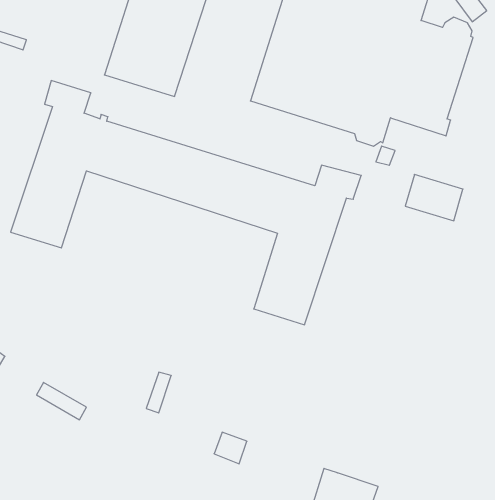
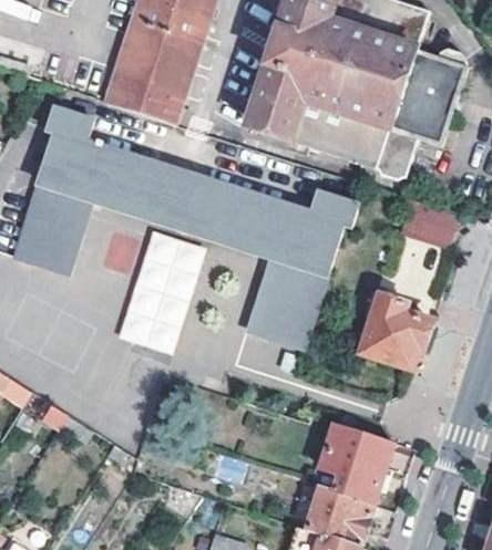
building: none -> [115,227,203,352]
building: none -> [362,291,431,367]
building: none -> [320,423,393,505]

